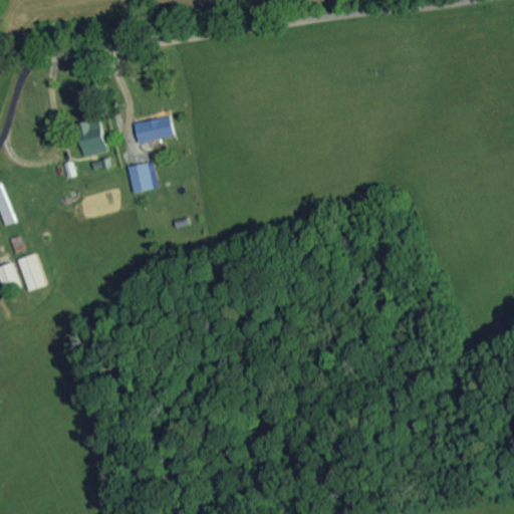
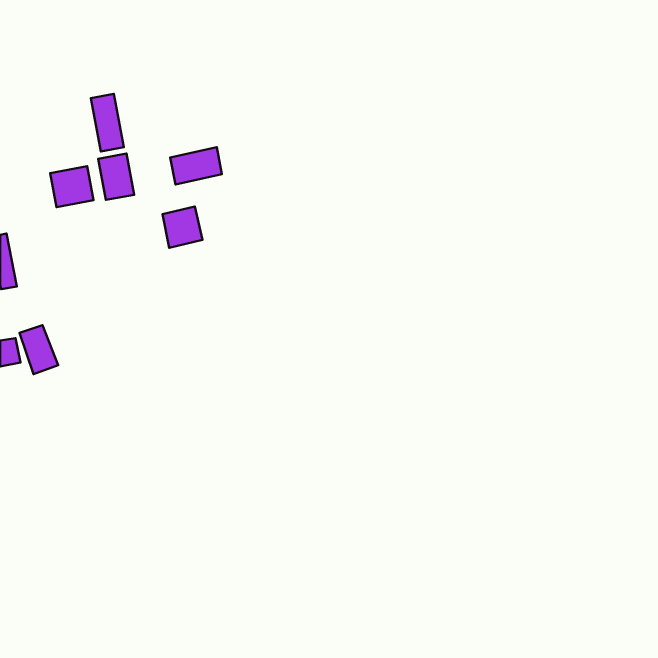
building: none -> [91,94,124,152]
building: none -> [50,166,93,207]

